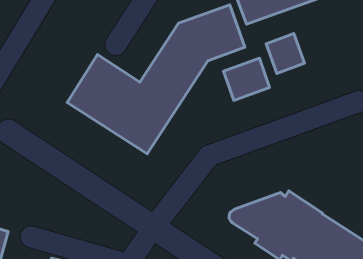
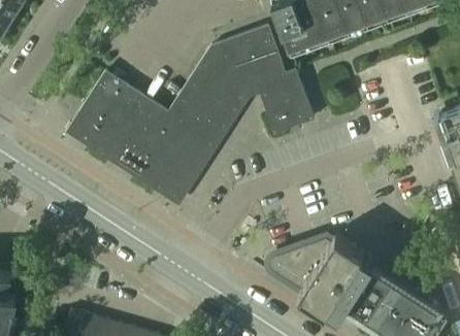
building: [266,33,305,73] -> none
building: none -> [69,73,121,137]

